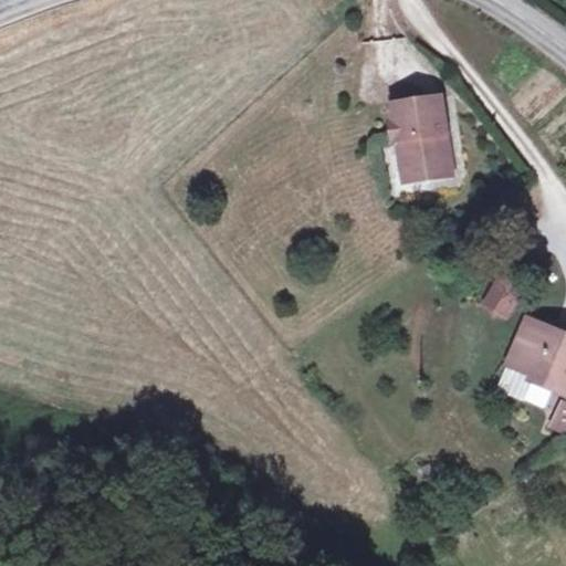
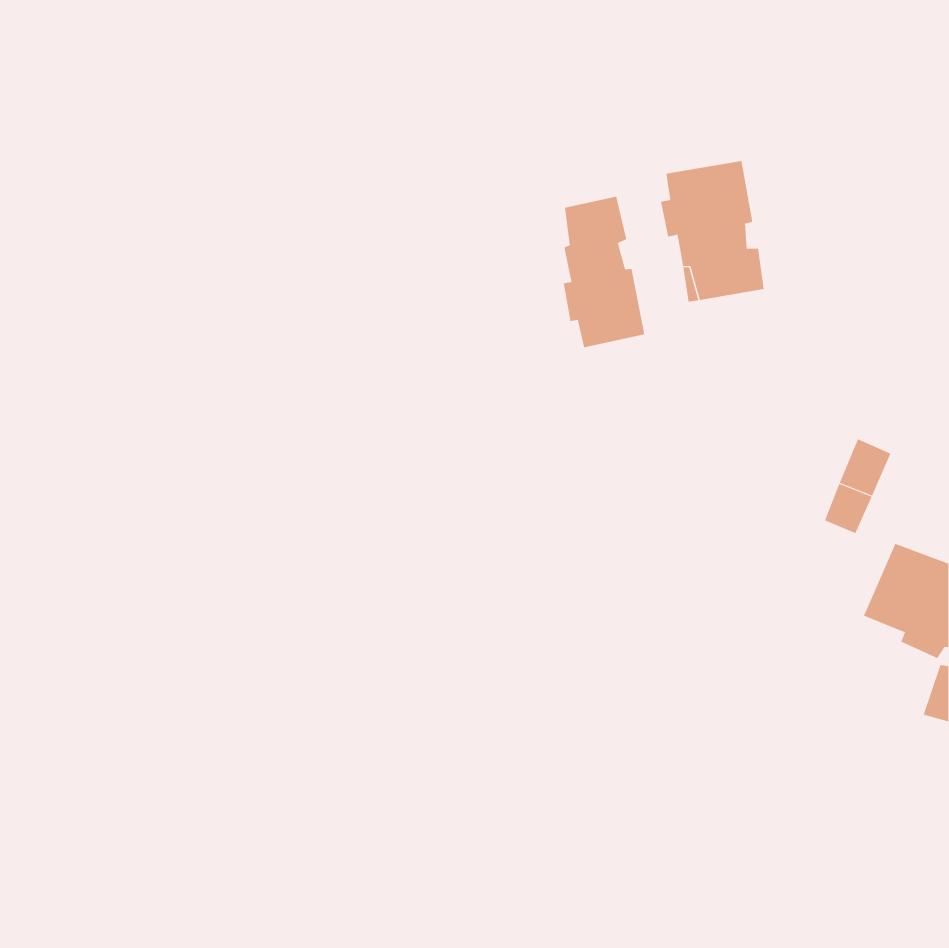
building: none -> [563,196,645,348]

